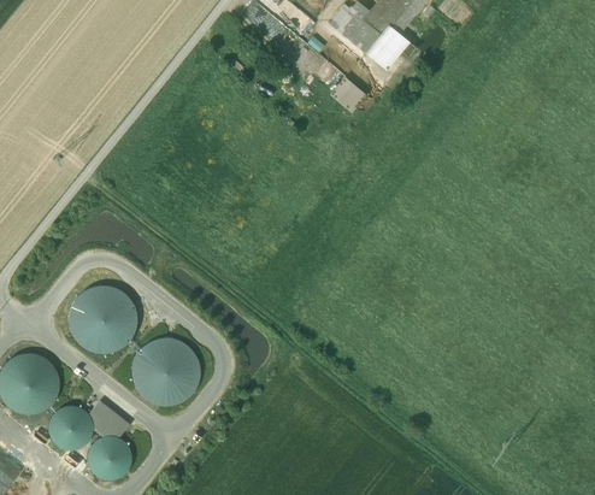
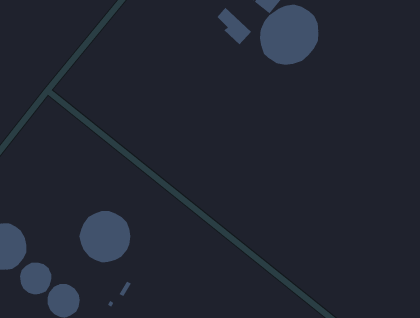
building: none -> [259,4,319,66]
building: [66,284,136,354] -> none
building: [89,401,129,437] -> none

